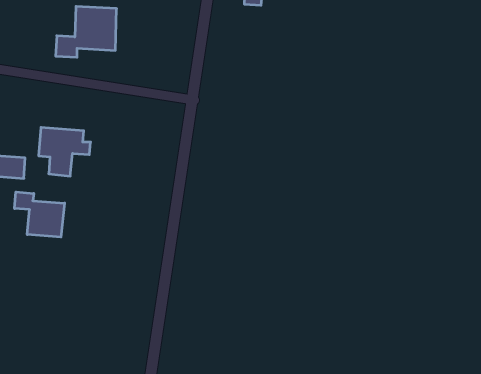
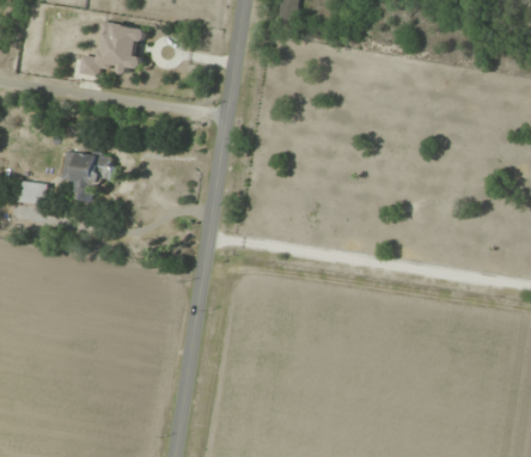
building: [15,192,65,237] -> none

